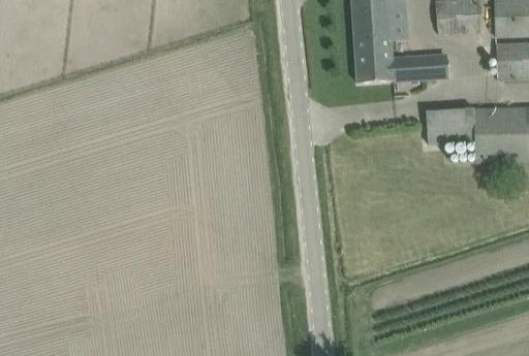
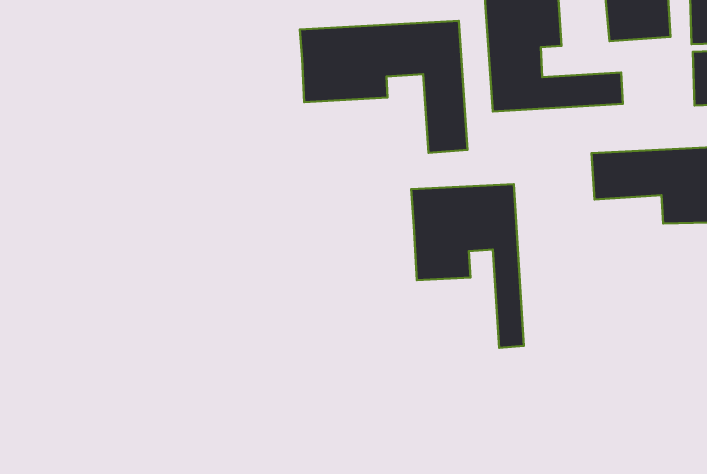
building: none -> [300,21,467,153]
building: none -> [411,184,524,348]

